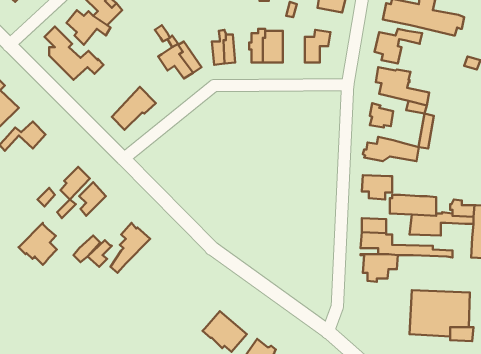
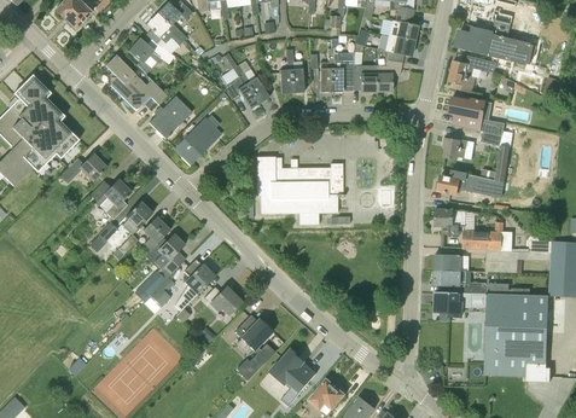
building: none -> [385,35,414,60]
building: none -> [353,65,376,92]
building: none -> [149,97,191,139]
building: none -> [256,156,344,225]
building: none -> [89,179,130,219]
building: [19,223,57,265] -> [145,231,185,274]
building: none -> [204,286,240,314]
building: none -> [487,292,548,331]
building: none -> [235,315,275,381]

